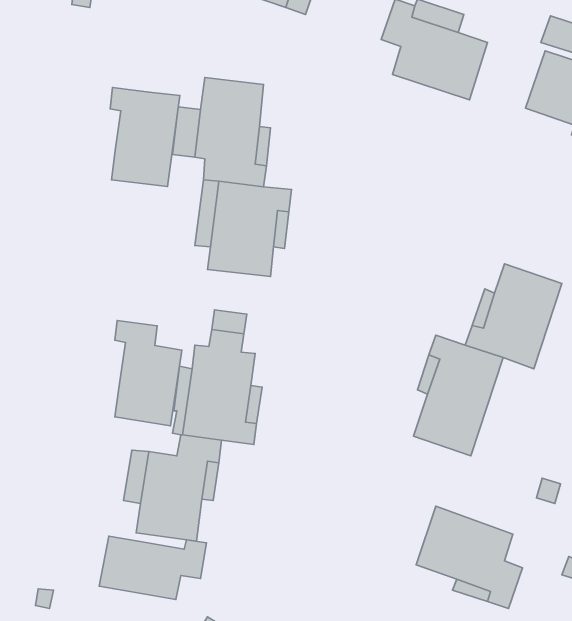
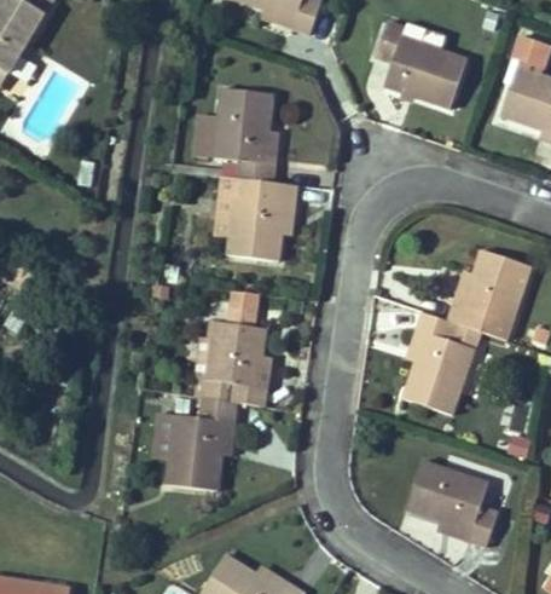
building: [110,87,180,187] -> none
building: [115,321,182,426] -> none
building: [99,536,206,600] -> none

